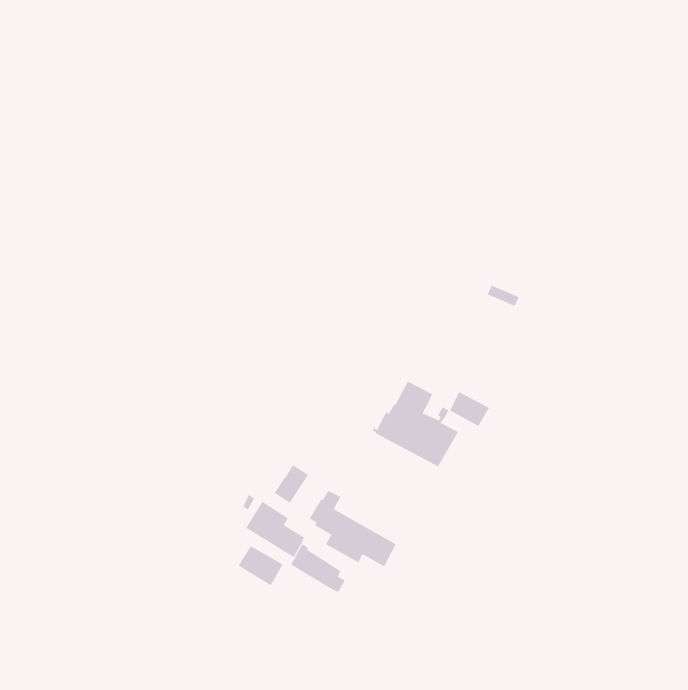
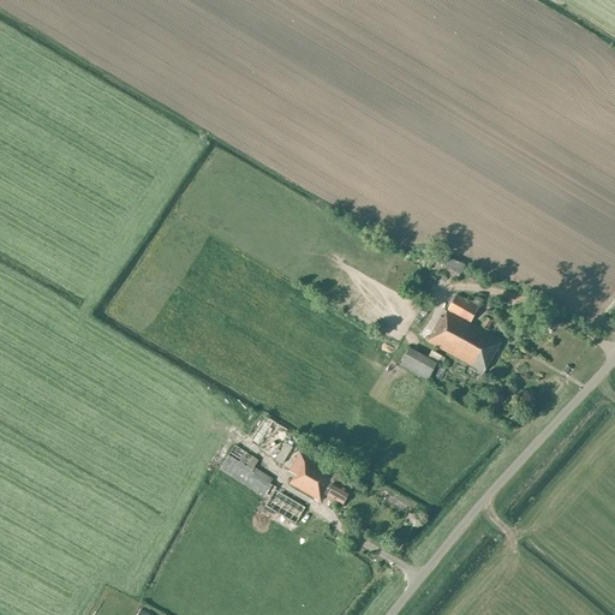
building: [372,381,459,467] -> [424,295,501,372]
building: [238,545,283,586] -> none

